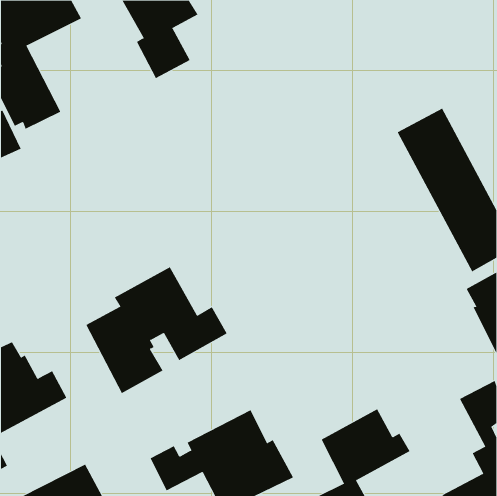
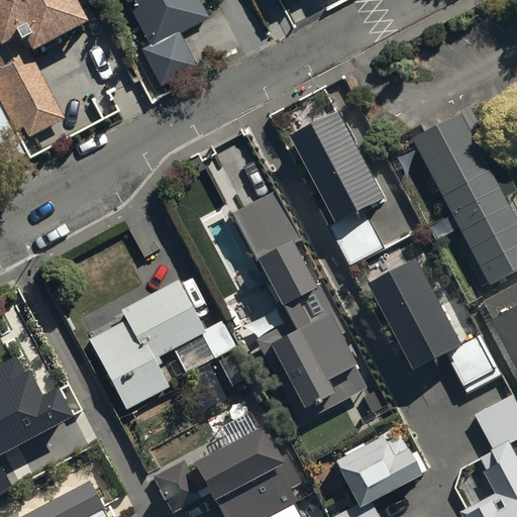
building: none -> [288,108,386,266]
building: none -> [231,190,367,413]
building: none -> [375,265,501,397]

